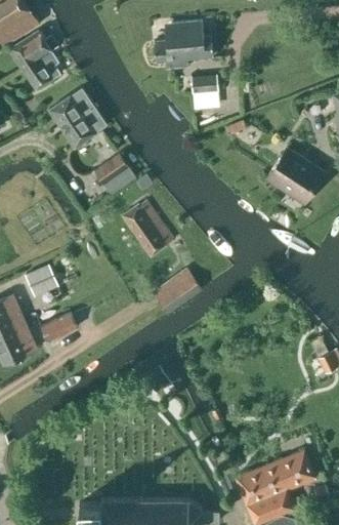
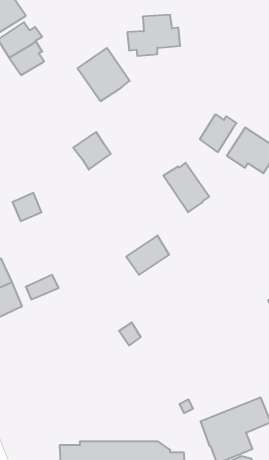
building: [190,76,219,110] -> none
building: [49,88,108,148] -> [78,48,130,101]
building: none -> [200,114,237,152]
building: [123,202,174,257] -> [163,163,209,212]
building: [26,266,58,297] -> [12,193,42,221]

